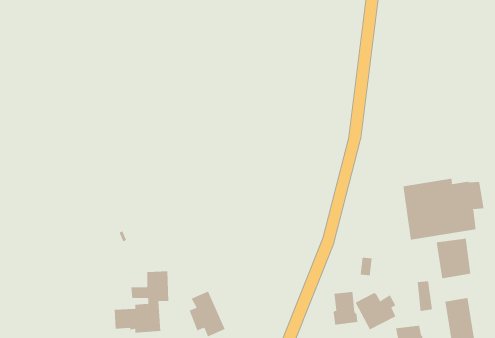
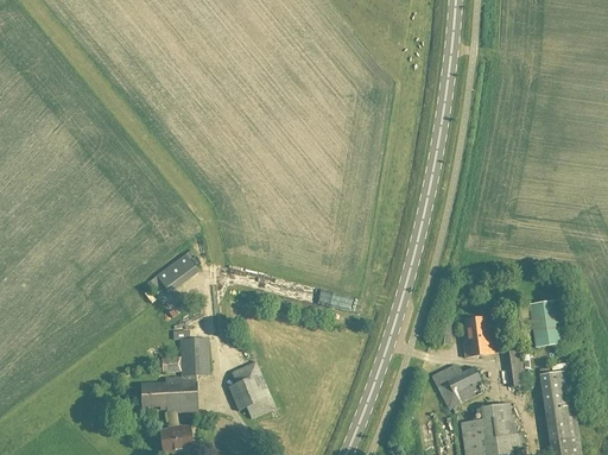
building: [403,178,484,241] -> none
building: none -> [158,253,197,292]
building: [333,291,358,325] -> [462,316,493,356]

